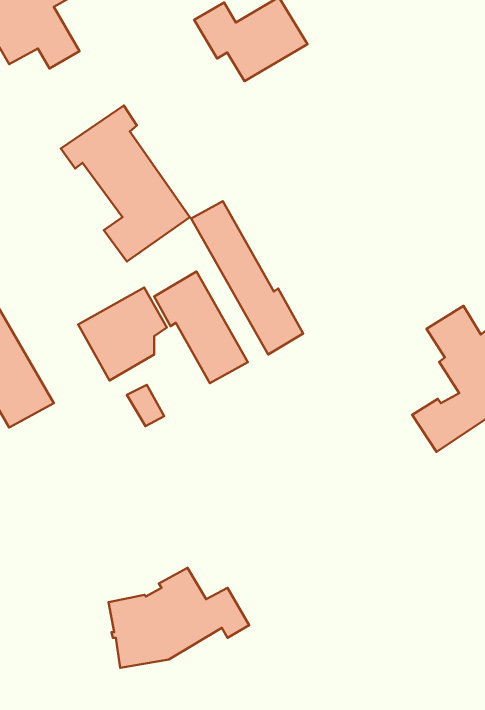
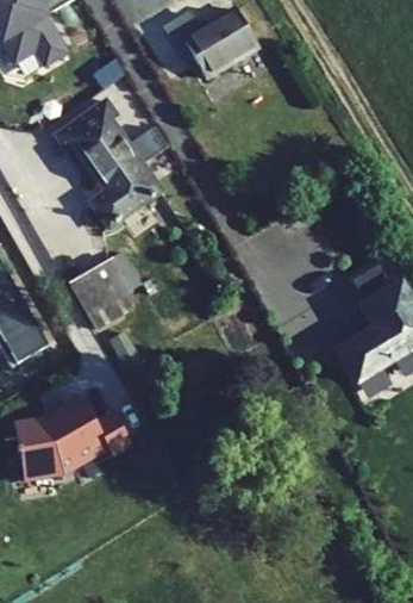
building: [191,201,303,355] -> none
building: [154,271,248,383] -> none
building: [109,568,249,668] -> [14,398,131,481]

